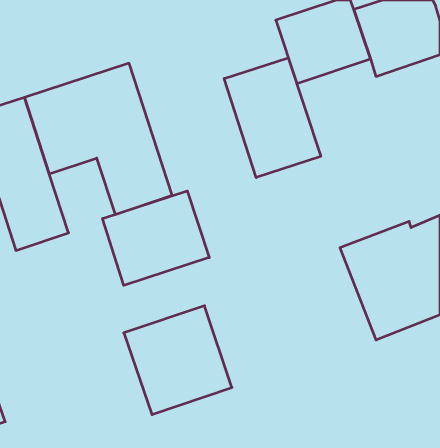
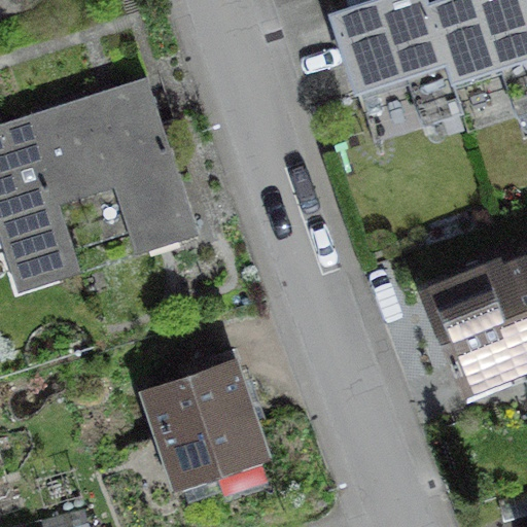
building: [224,58,321,178] -> none
building: [103,191,209,285] -> none

